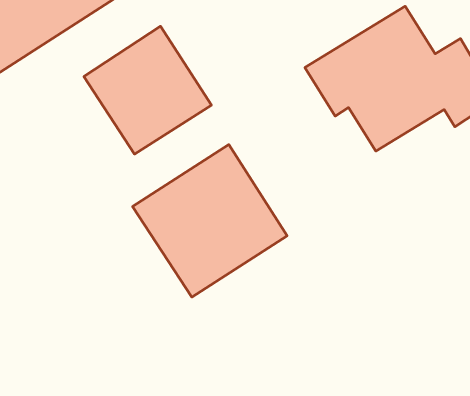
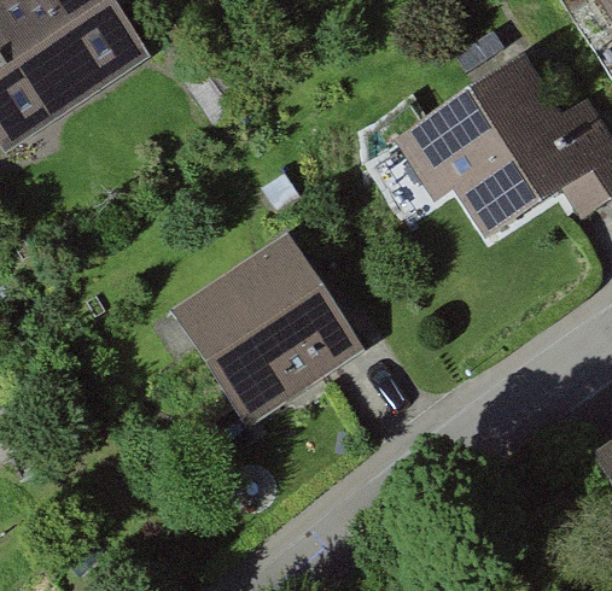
building: [84,26,212,154] -> none

